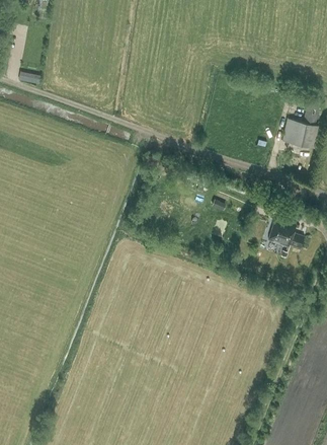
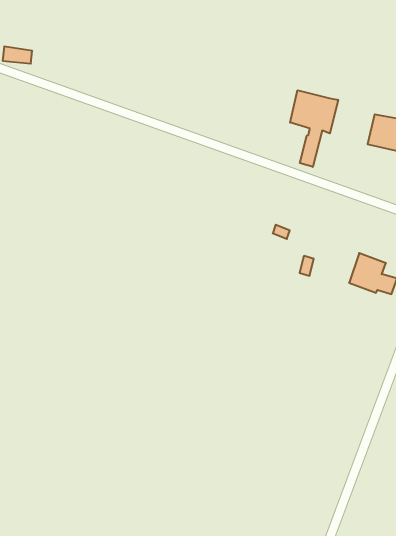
building: none -> [290,90,338,167]

